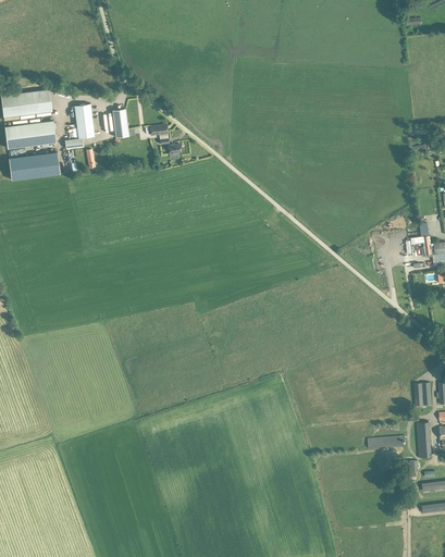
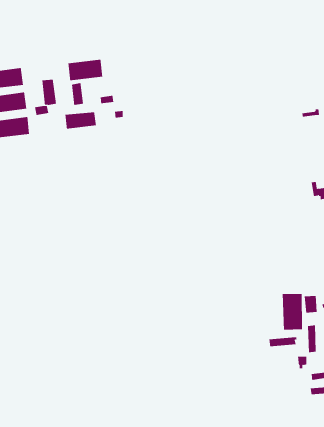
building: none -> [68,59,103,81]
building: none -> [65,111,96,130]
building: none -> [282,293,302,331]

